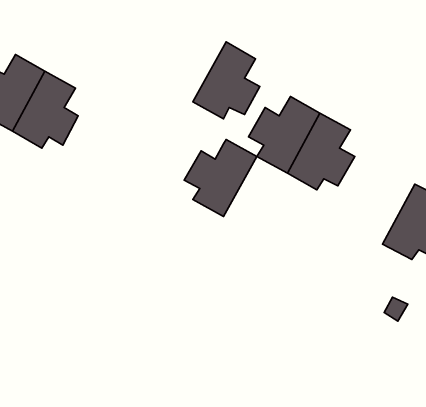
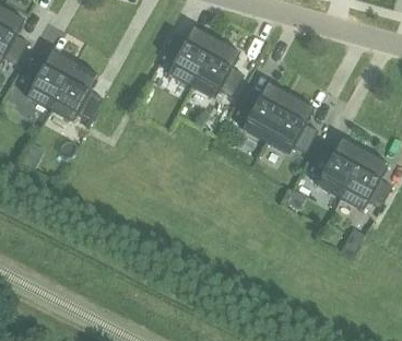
building: [184,140,257,216] -> [161,25,217,85]
building: none -> [308,137,365,197]

